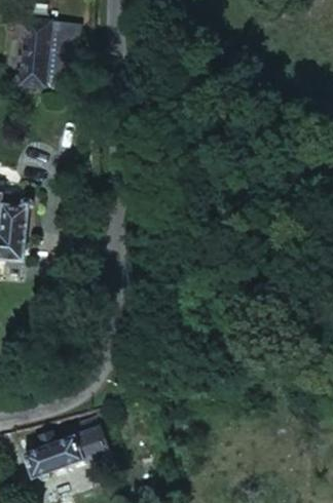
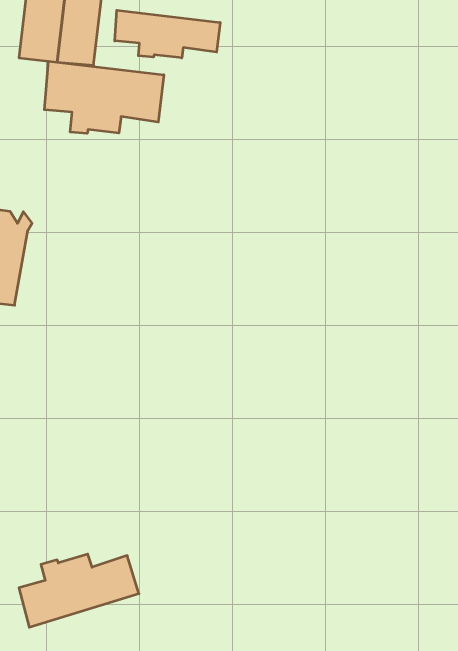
building: none -> [115,10,220,58]
building: none -> [44,61,164,133]

